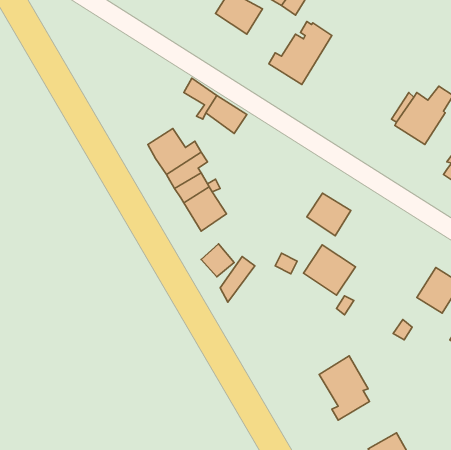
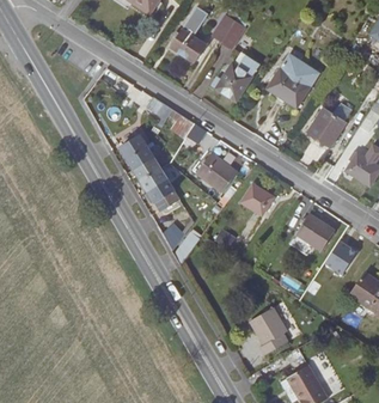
building: none -> [267,53,319,106]
building: none -> [195,151,238,191]
building: [303,245,355,295] -> [295,212,335,250]

